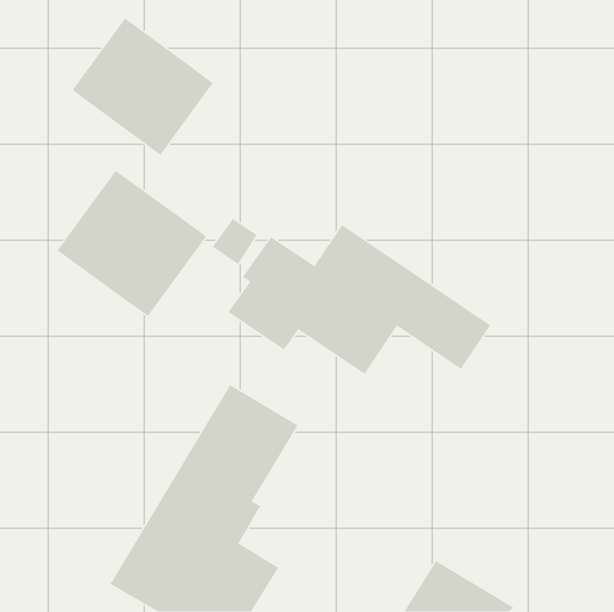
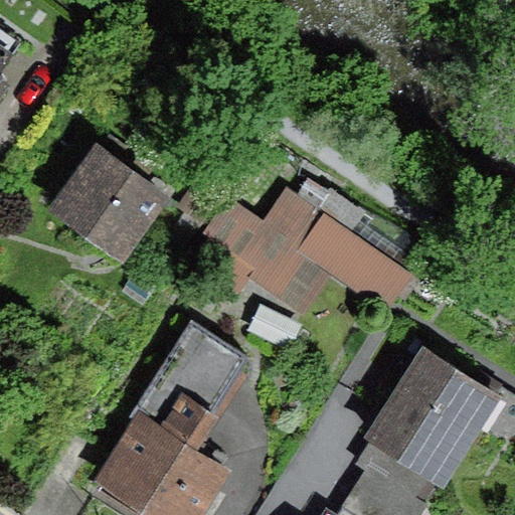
building: [72,17,214,156] -> none
building: none -> [367,351,500,489]

